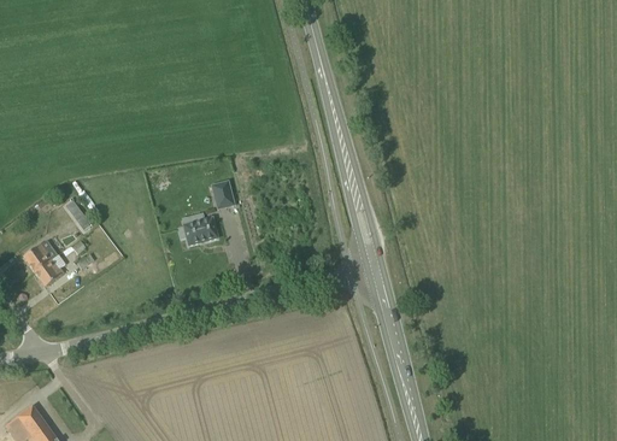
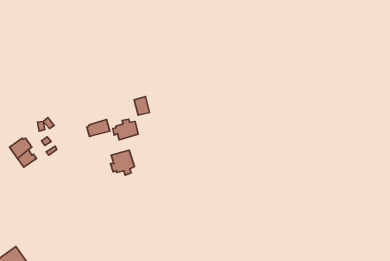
building: none -> [87,119,110,136]
building: none -> [110,150,134,175]

